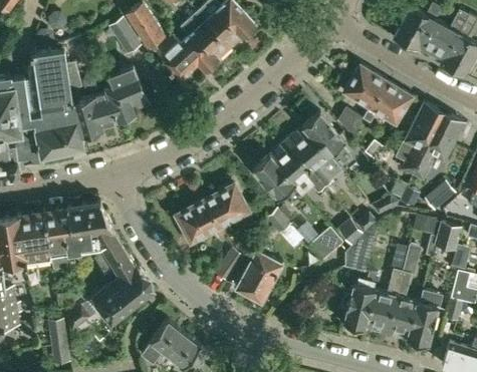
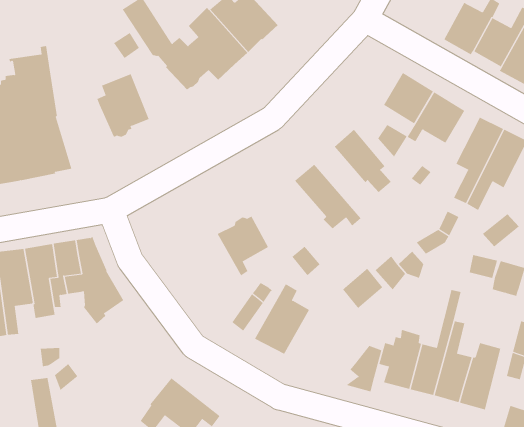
building: [65,62,118,135] -> none
building: [285,127,340,187] -> none
building: [251,155,294,200] -> none
building: [176,200,224,242] -> none
building: [342,233,373,272] -> [346,345,382,392]
building: [85,255,154,324] -> none

